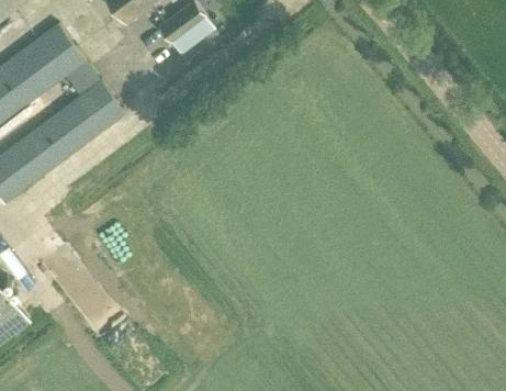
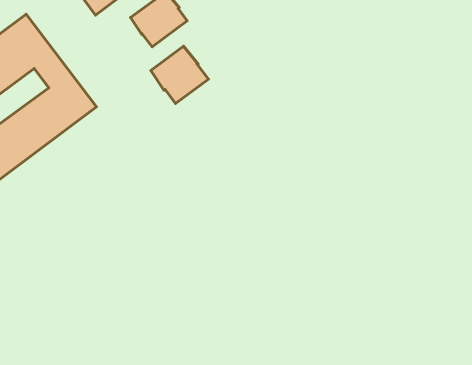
building: none -> [151,46,208,103]

